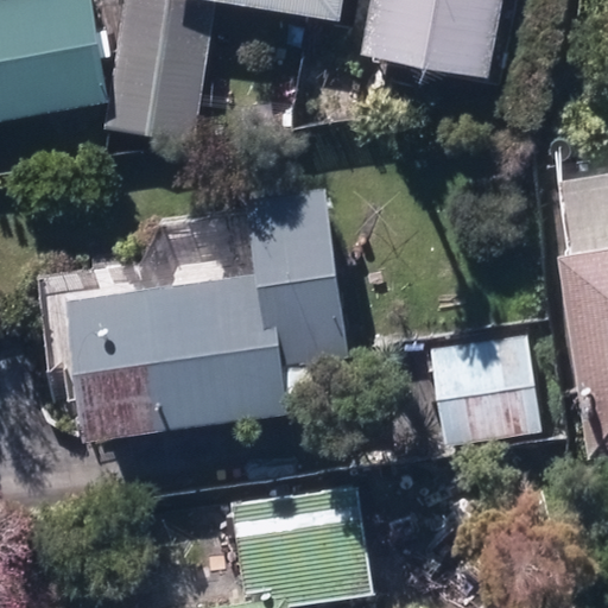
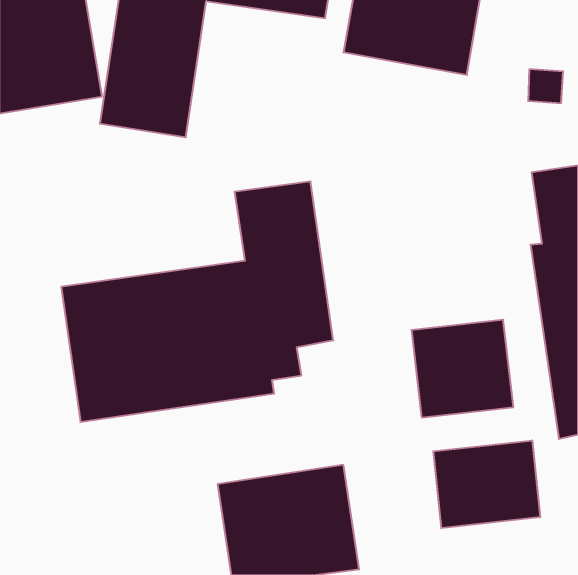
building: none -> [433,440,540,528]

